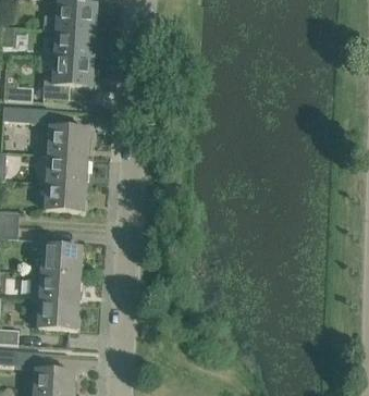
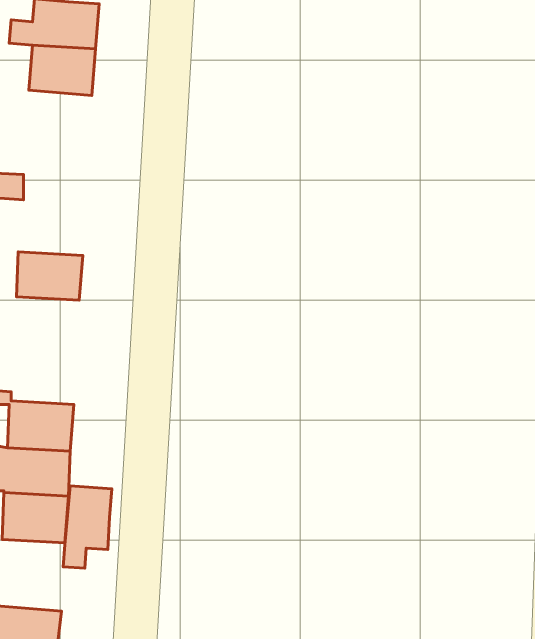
building: [42,57,93,99] -> none
building: [48,126,88,157] -> none
building: [45,182,85,212] -> none
building: none -> [63,486,112,568]

